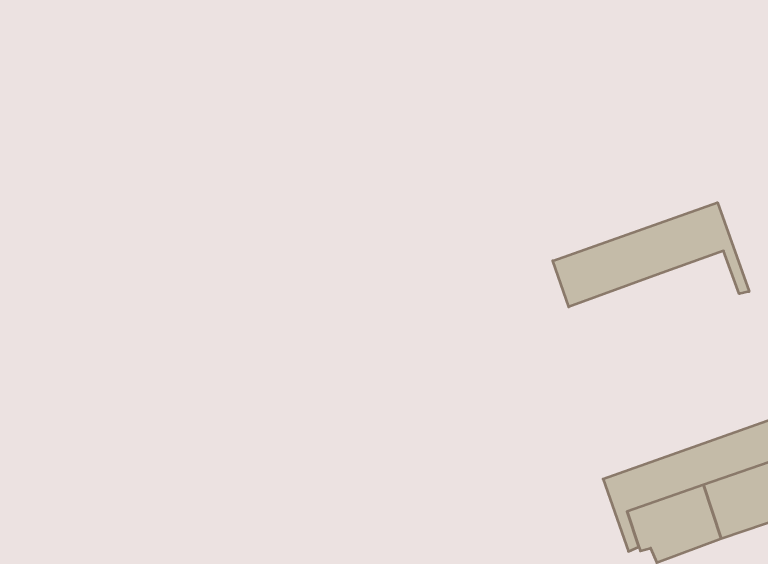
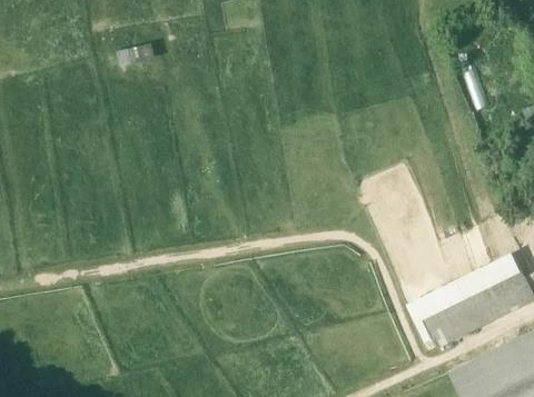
building: [553,203,749,307] -> none

